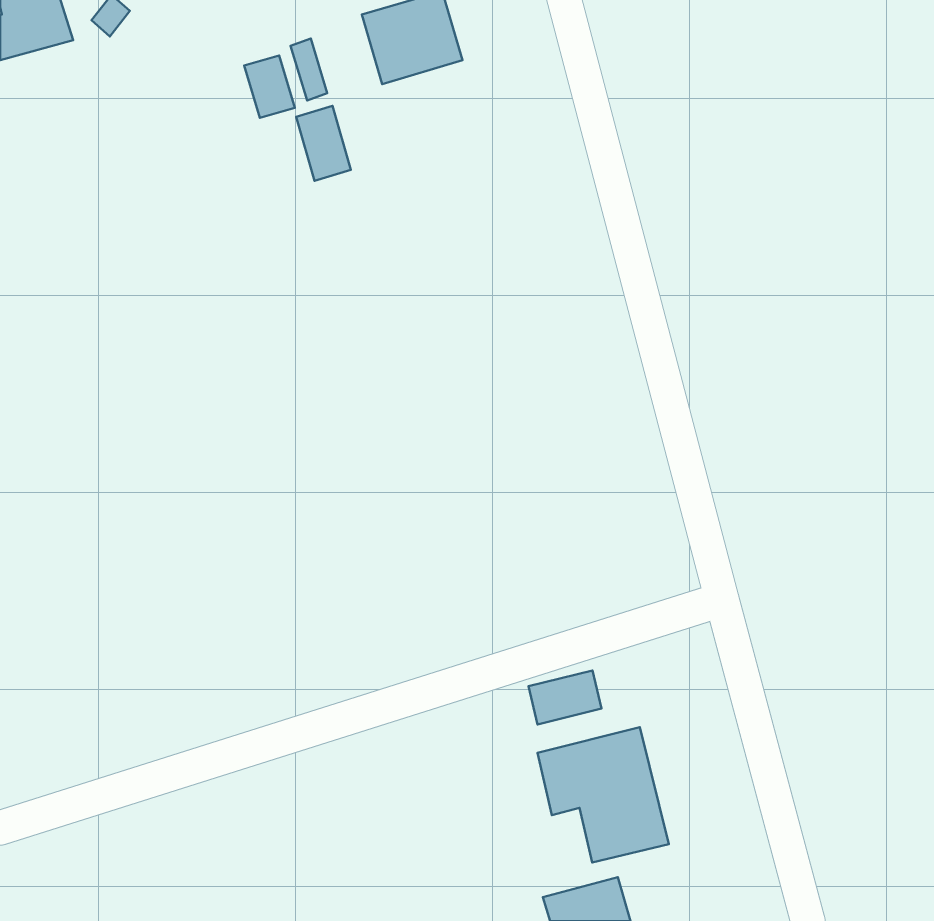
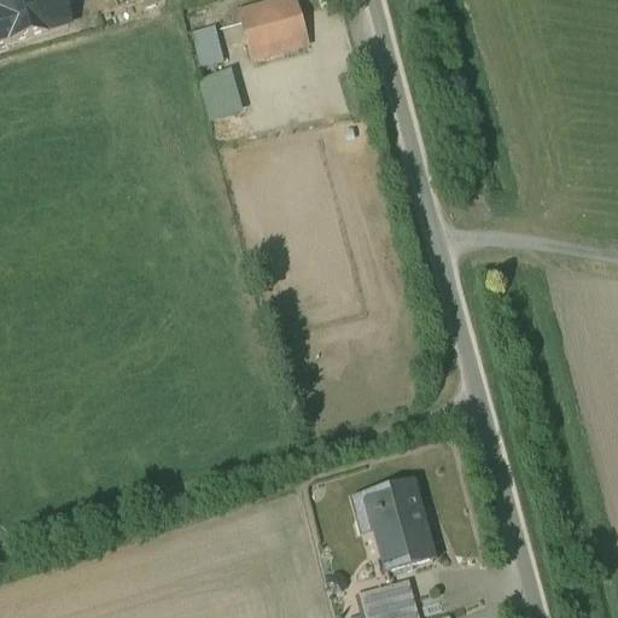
building: [244,56,295,118] -> none
building: [529,670,601,725] -> none

